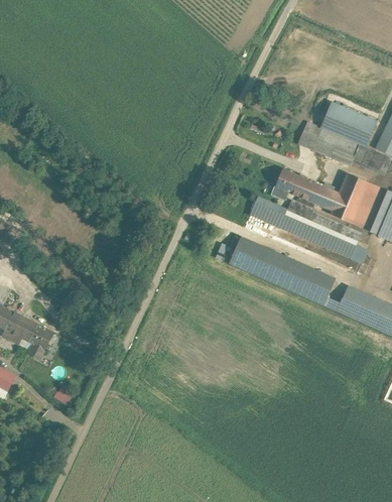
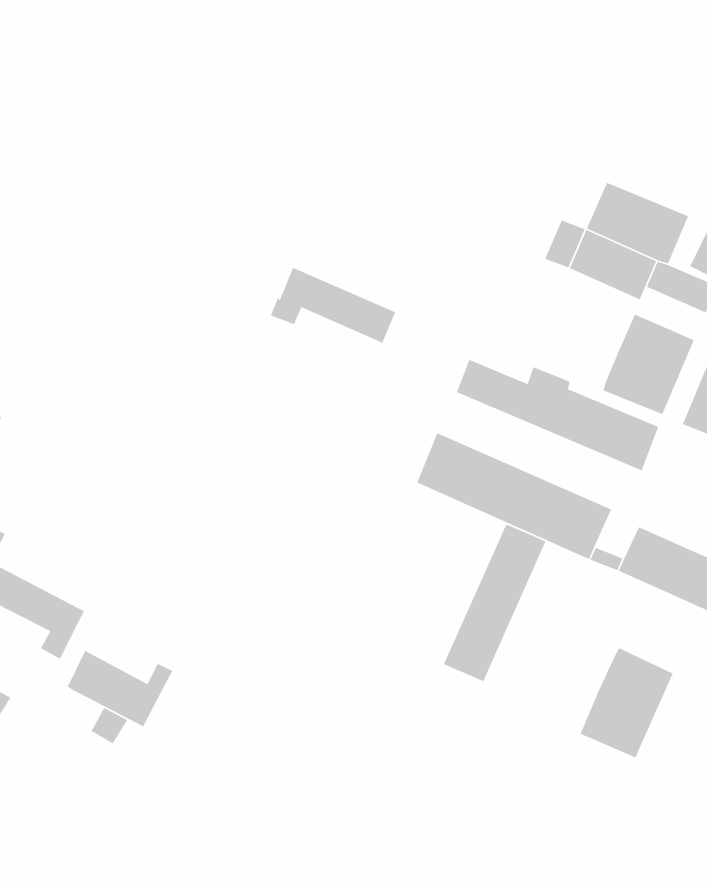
building: [270,169,338,211] -> [270,267,396,344]
building: none -> [443,524,546,682]
building: none -> [579,647,674,758]
building: none -> [67,650,174,727]

